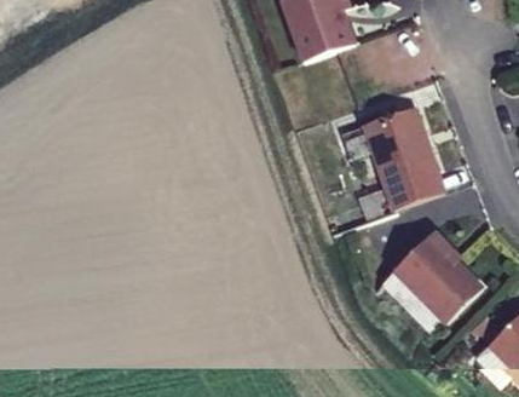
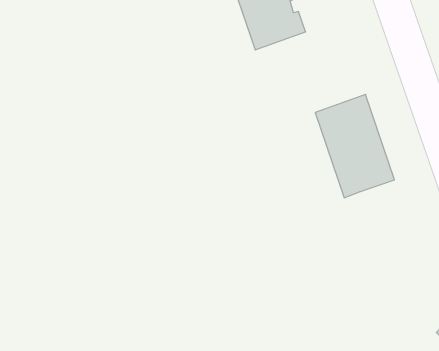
building: [393,230,480,322] -> none

